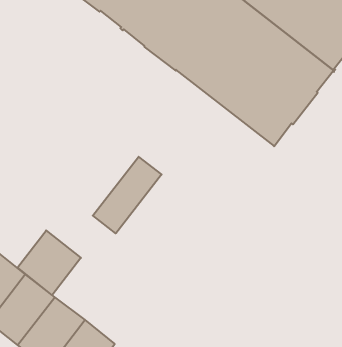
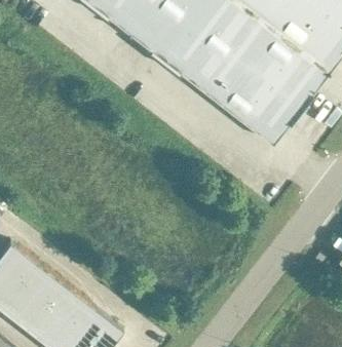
building: [93,157,162,233] -> none
building: [17,230,81,295] -> none

